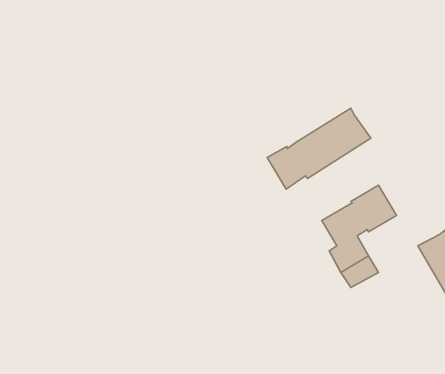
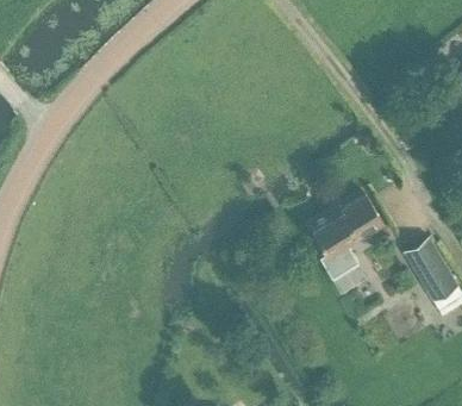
building: [267,108,371,189] -> none

